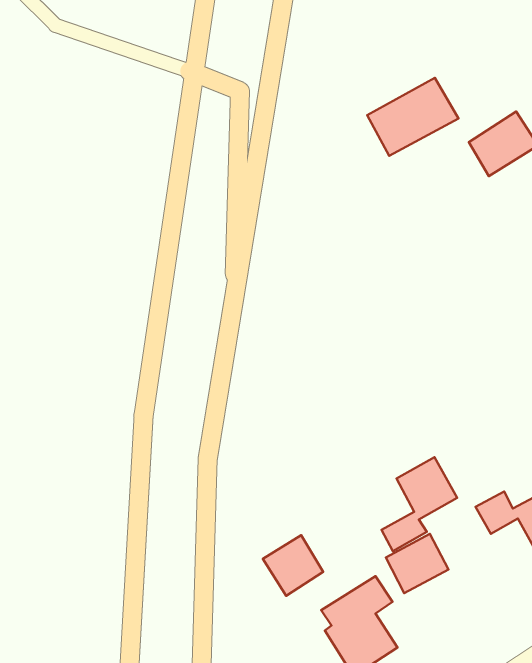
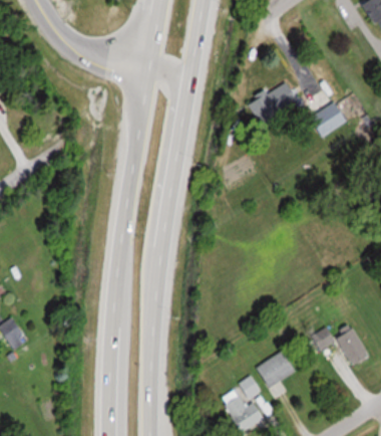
building: [381,457,457,551] -> none
building: [263,535,323,596] -> none

